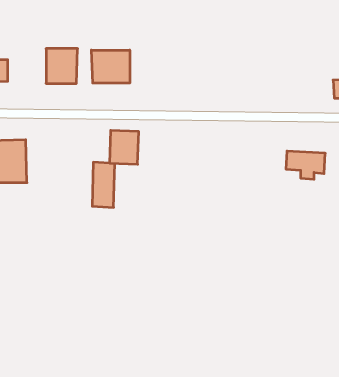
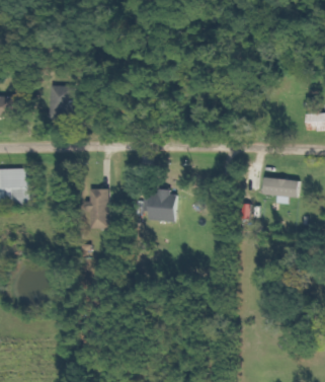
building: [91,50,130,83] -> none
building: [110,130,139,164] -> [149,189,175,220]

